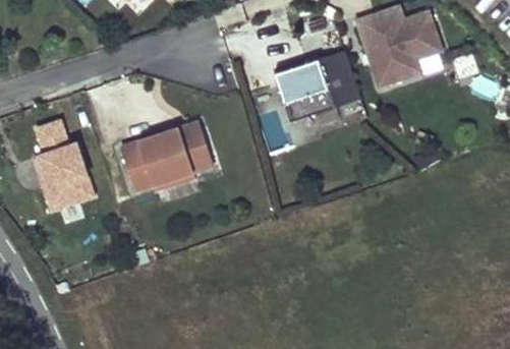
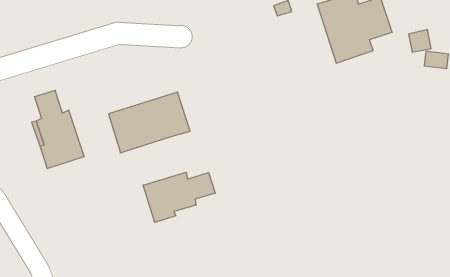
building: [274,51,360,122] -> none
building: none -> [143,172,215,222]

